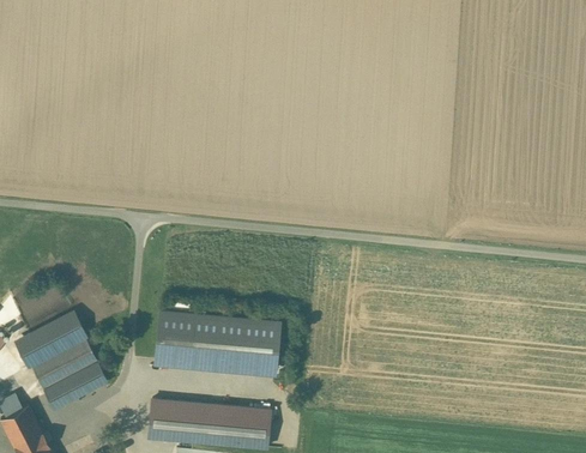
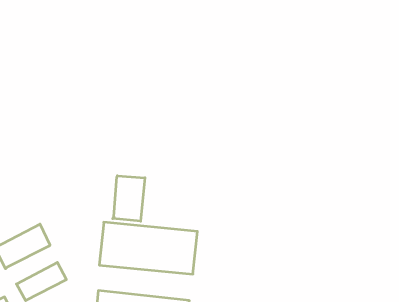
building: none -> [113,176,145,221]
building: [30,339,96,389] -> none

